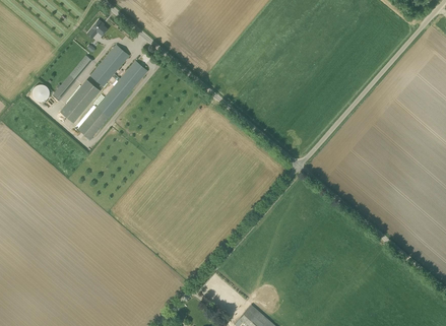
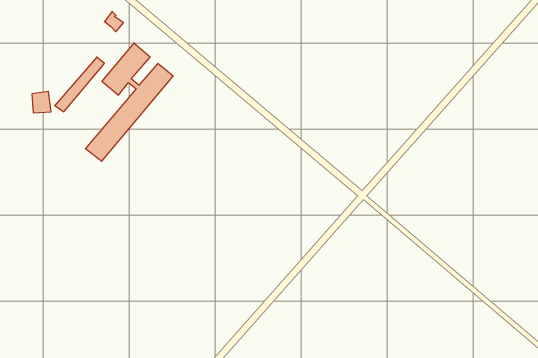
building: [60,79,100,123] -> none

